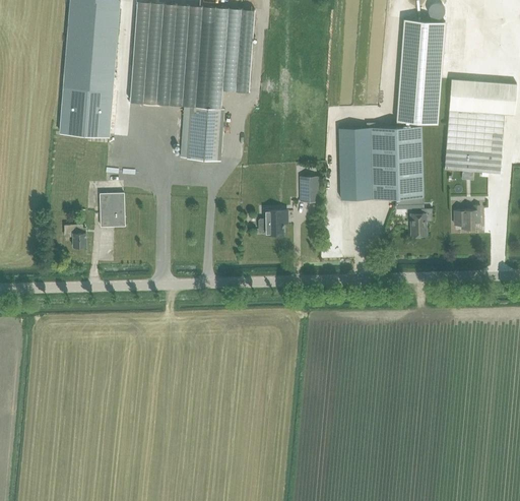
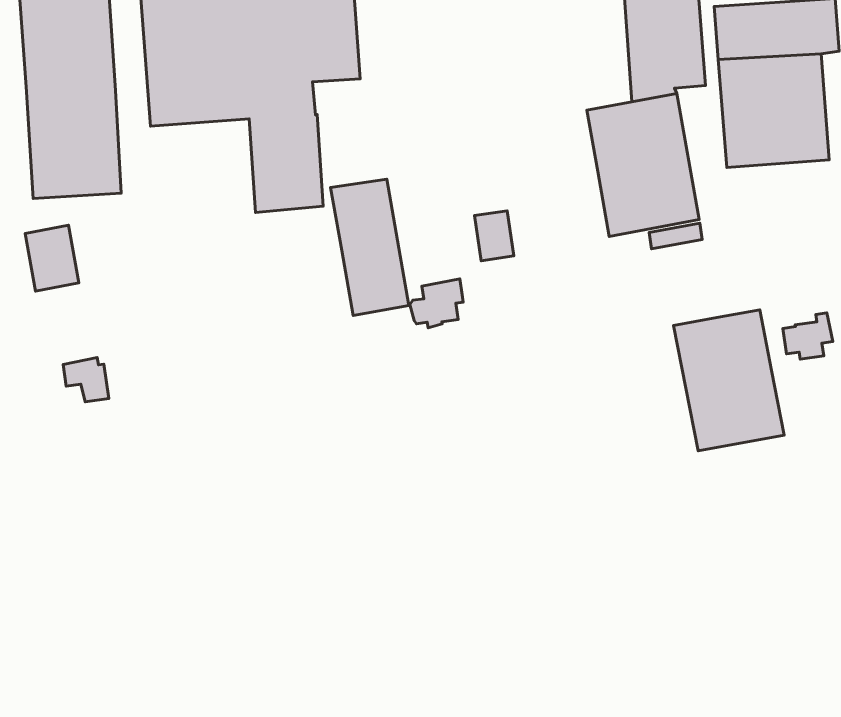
building: [339,127,373,199] -> [331,179,409,315]
building: [100,192,125,226] -> [25,225,79,291]
building: [453,206,479,230] -> [783,313,833,359]
building: [411,208,433,235] -> none
building: none -> [674,310,784,451]

